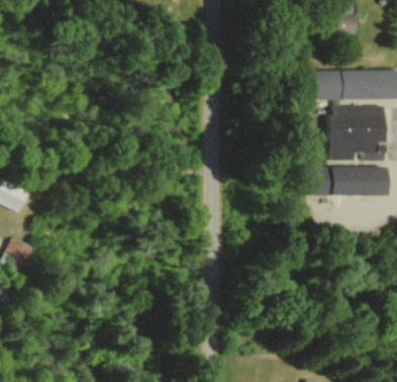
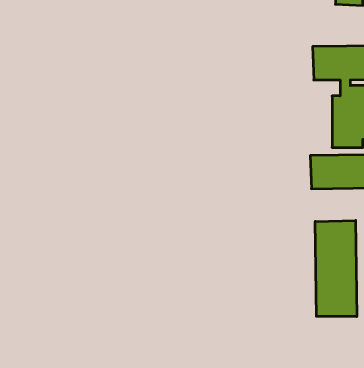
building: none -> [315,220,357,317]

